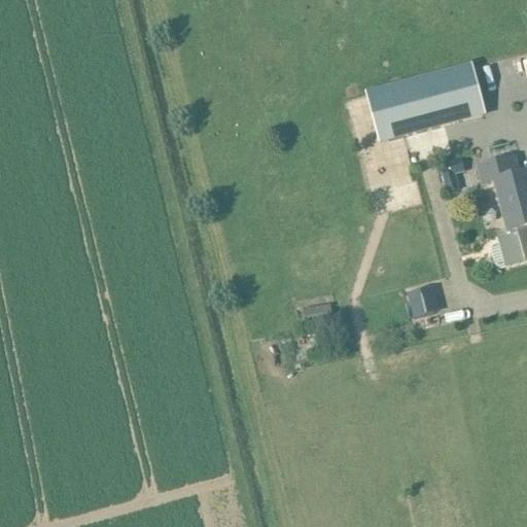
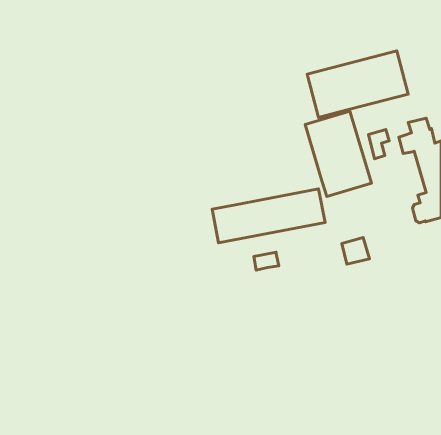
building: none -> [305,111,372,197]
building: none -> [212,189,325,243]

